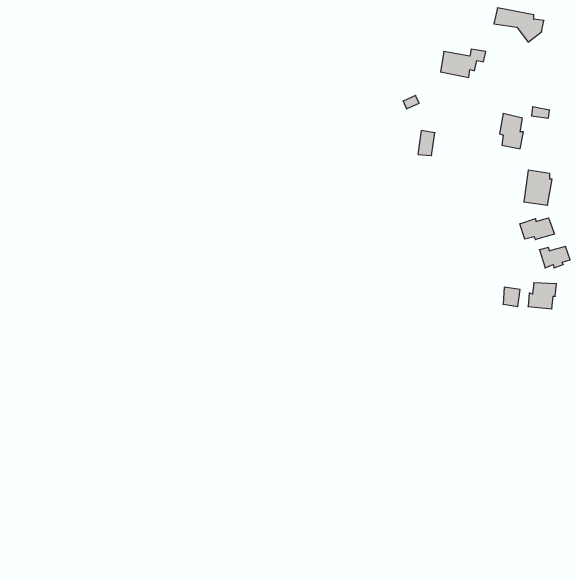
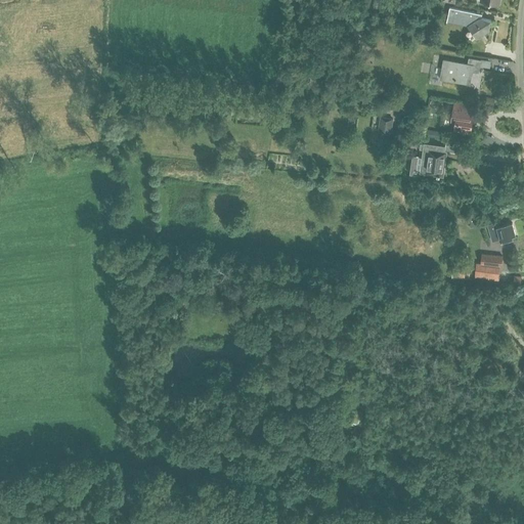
building: [440,49,486,78] -> [439,58,480,84]
building: [524,170,552,205] -> [420,147,445,179]
building: [520,218,554,240] -> none

